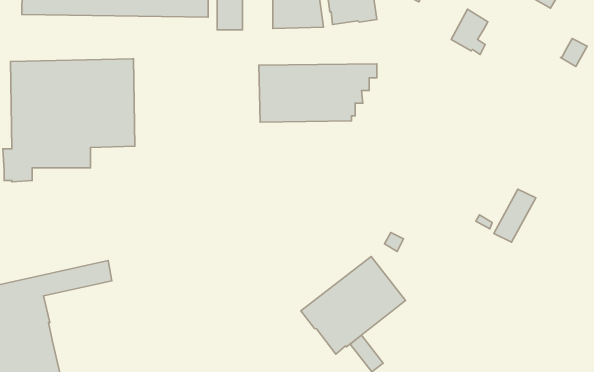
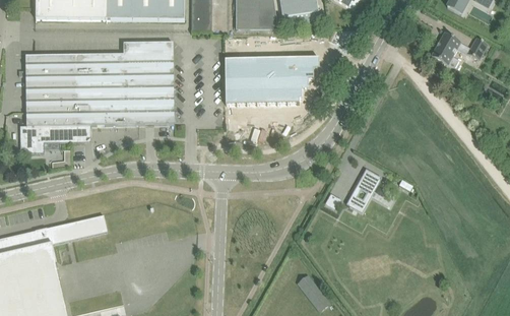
building: [451,9,488,55] -> [431,30,460,67]
building: none -> [123,41,174,123]
building: [494,189,536,242] -> [346,167,380,209]
building: [301,257,405,354] -> none

